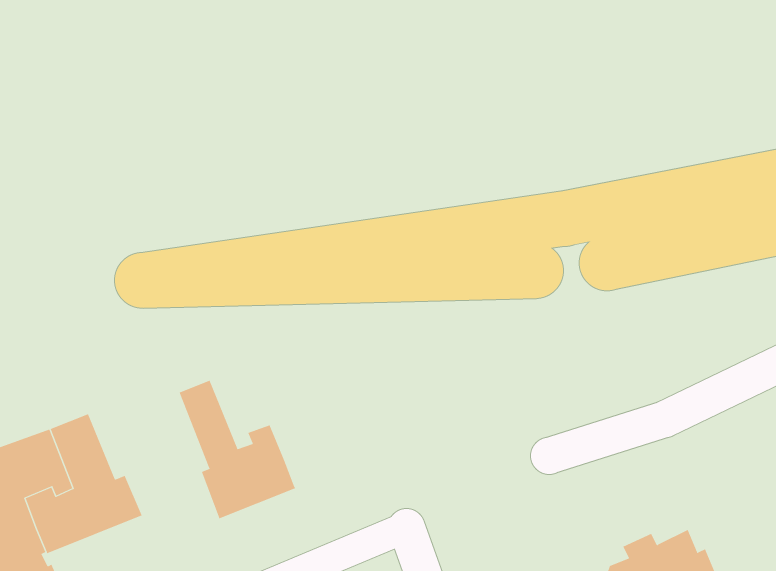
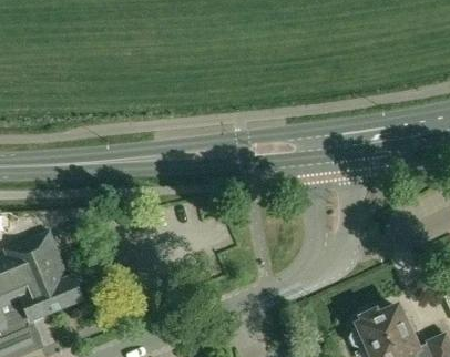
building: [179,380,296,519] -> none

